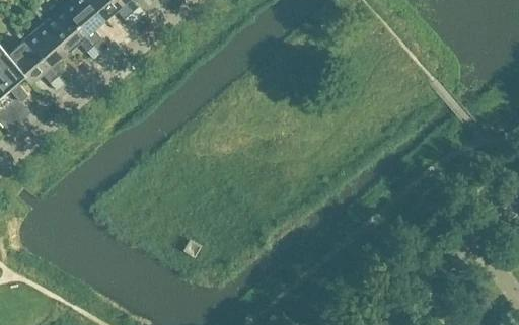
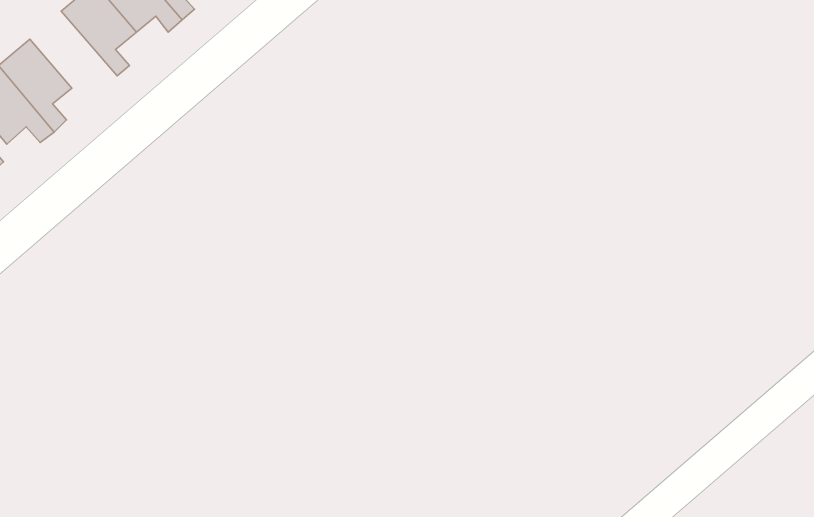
building: [44,7,94,52] -> none

